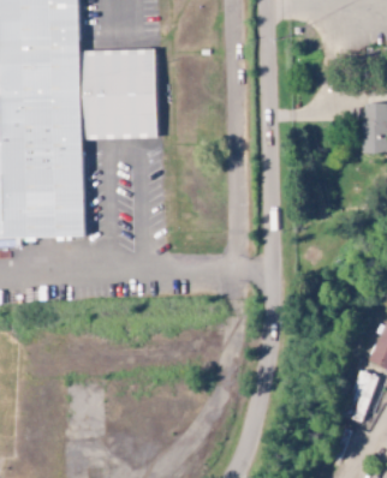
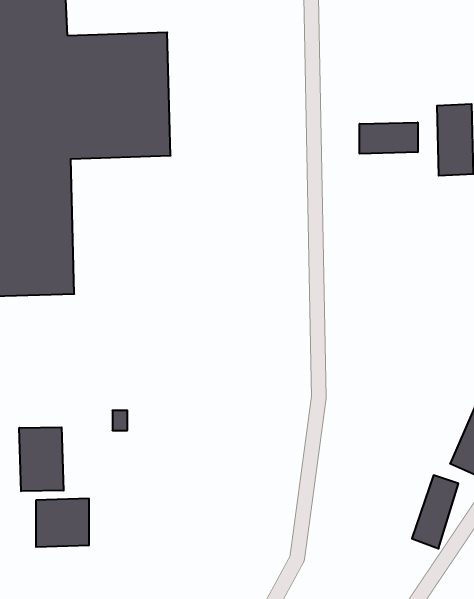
building: none -> [360,122,418,154]
building: none -> [19,427,64,491]

